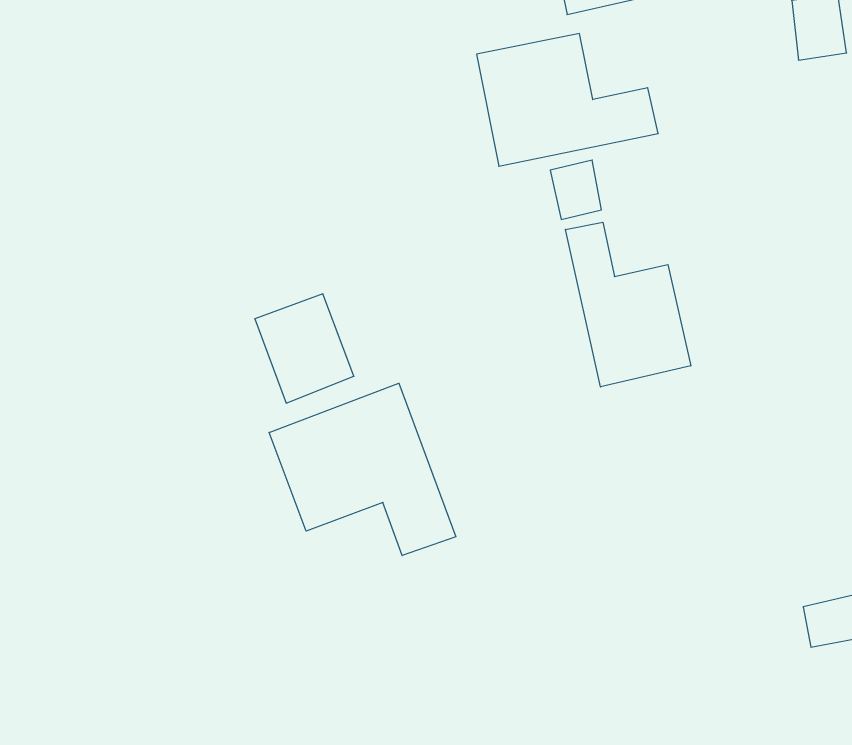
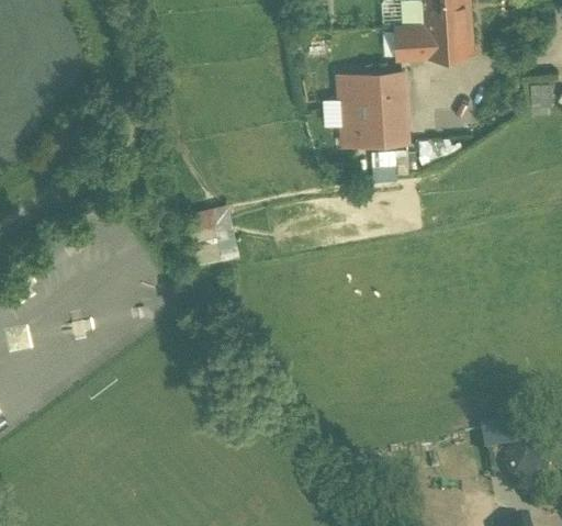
building: [565,222,691,387] -> none
building: [269,383,456,556] -> none

